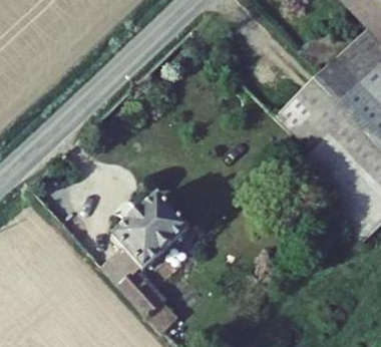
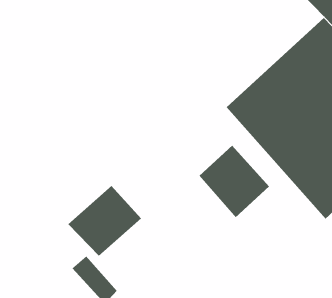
building: none -> [199,145,270,218]

